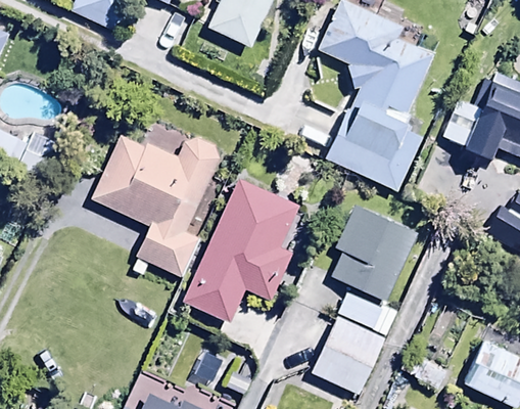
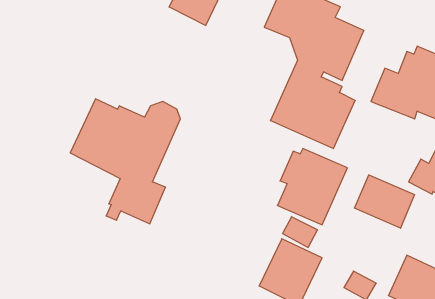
building: [184,178,301,325] -> none
building: none -> [355,175,414,228]

